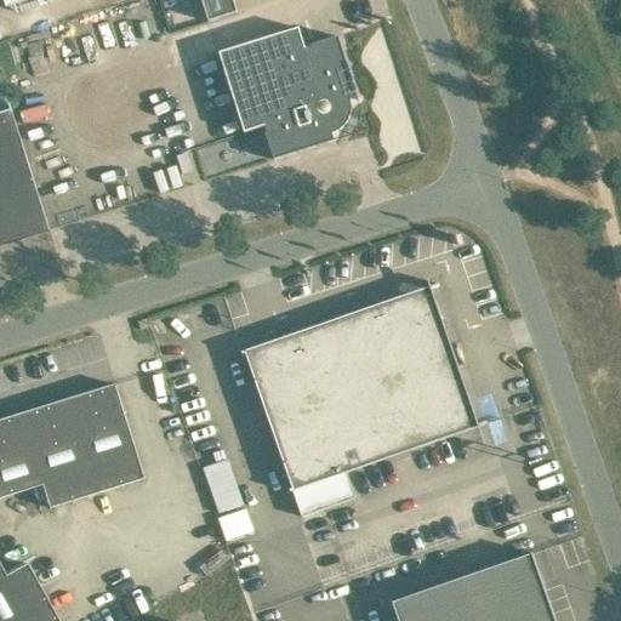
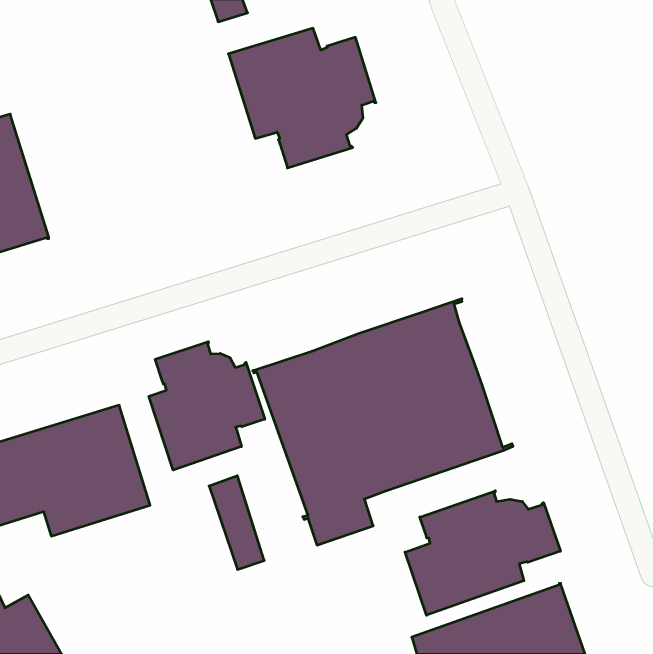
building: none -> [149,342,265,470]
building: none -> [405,491,560,615]

